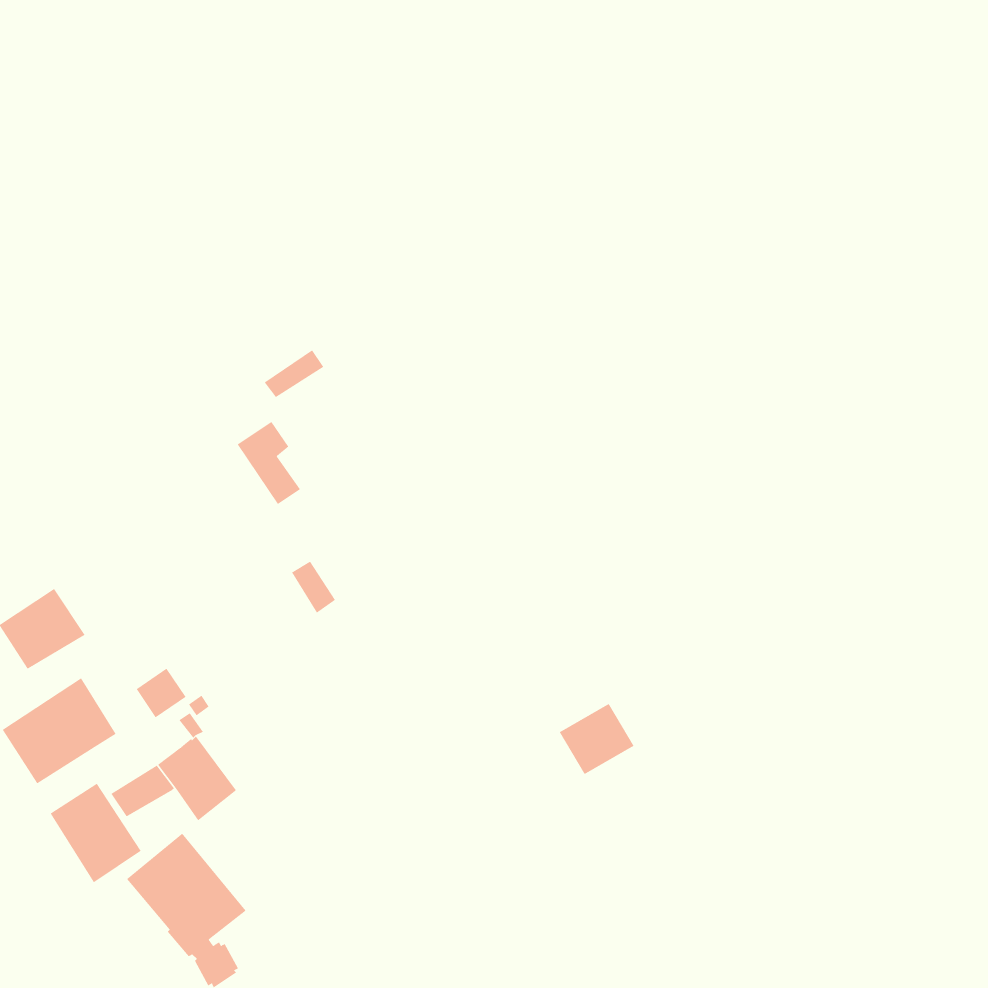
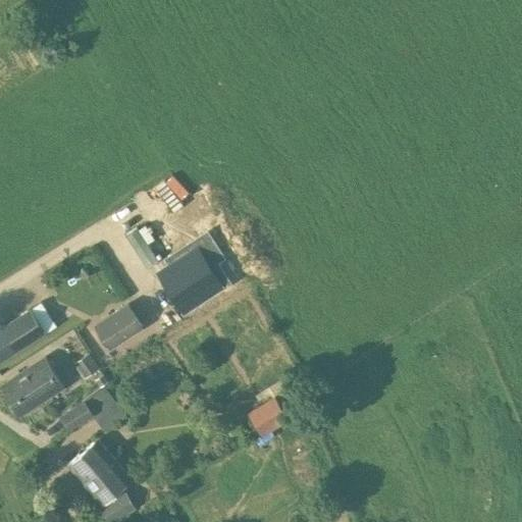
building: none -> [168,250,232,314]
building: none -> [94,305,141,348]
building: [559,703,635,775] -> [247,400,286,437]
building: [50,783,142,883] -> none

